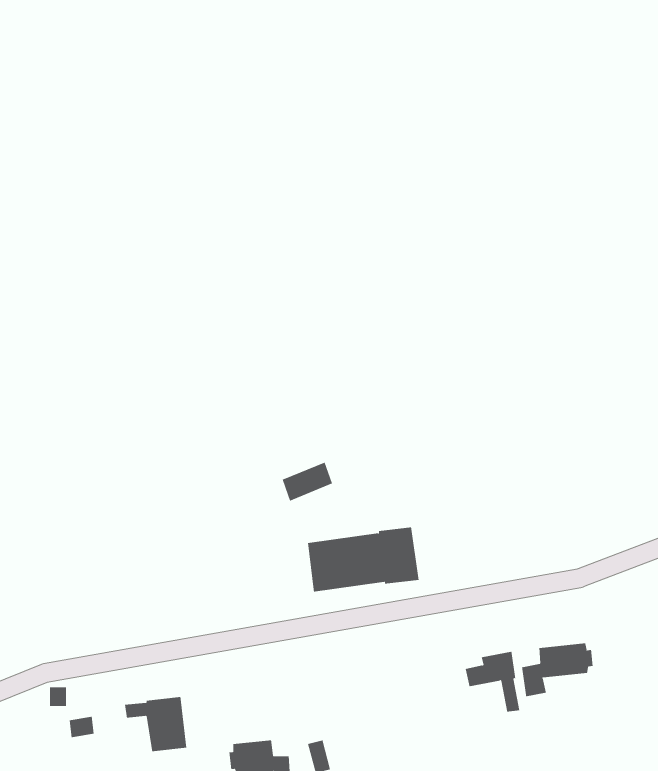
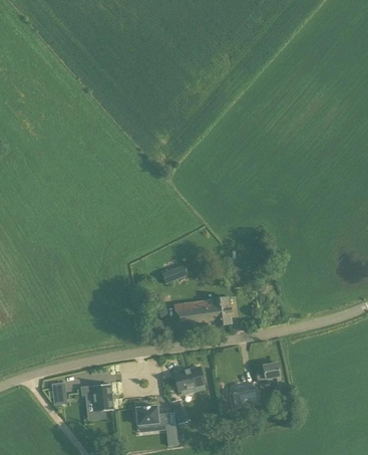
building: [522,642,593,697] -> none
building: none -> [174,366,204,394]
building: none -> [232,387,261,408]

